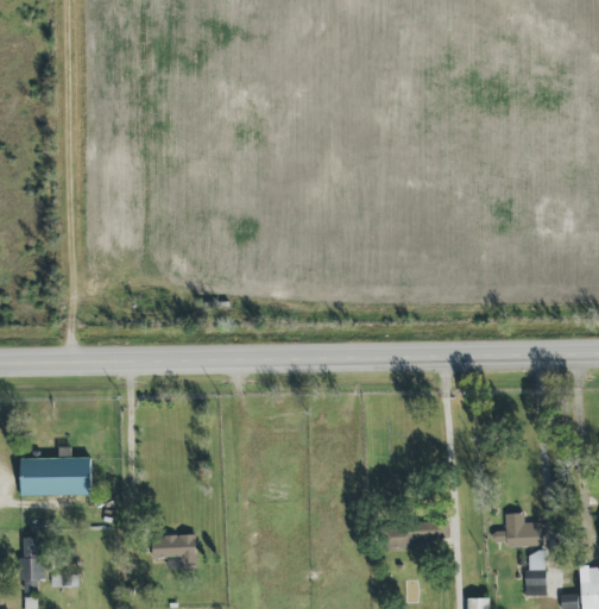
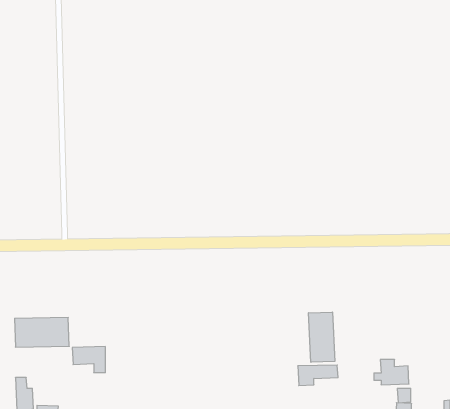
building: none -> [309,312,335,362]
building: [152,534,196,569] -> [72,347,105,373]

